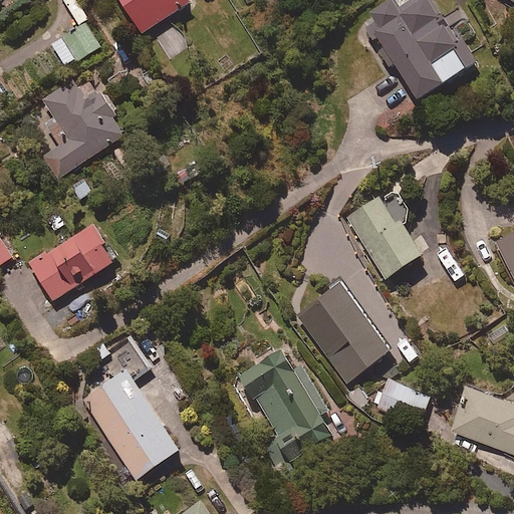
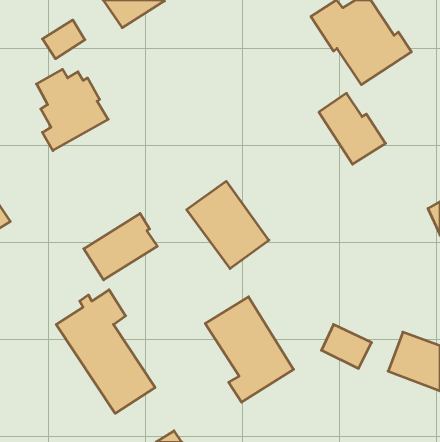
building: [344,196,422,278] -> [319,93,386,164]
building: [28,224,113,301] -> [84,213,157,280]
building: [295,282,391,383] -> [187,181,269,269]

